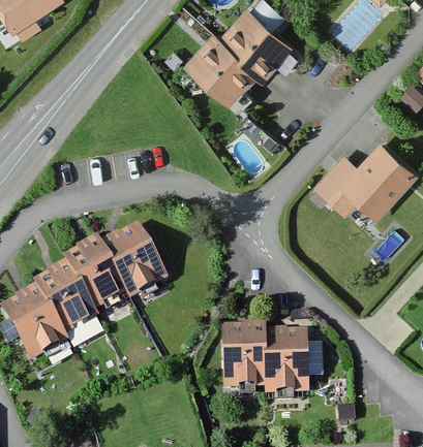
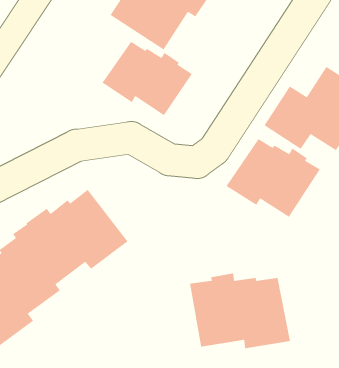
building: none -> [101,41,193,116]
building: none -> [226,138,321,218]

